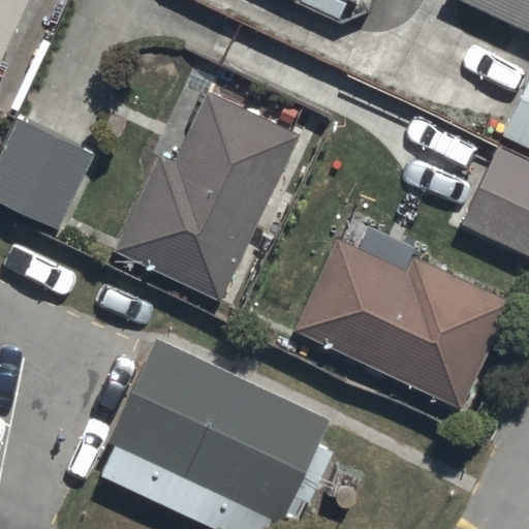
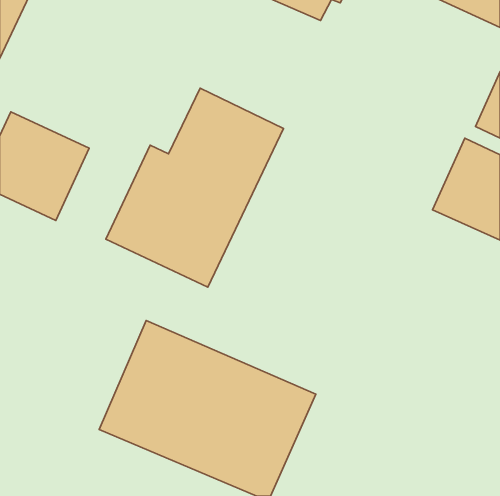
building: [295,241,509,407] -> none

